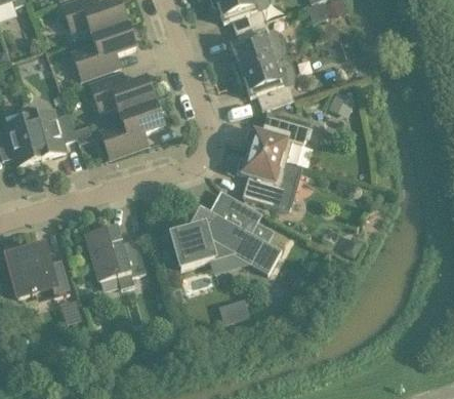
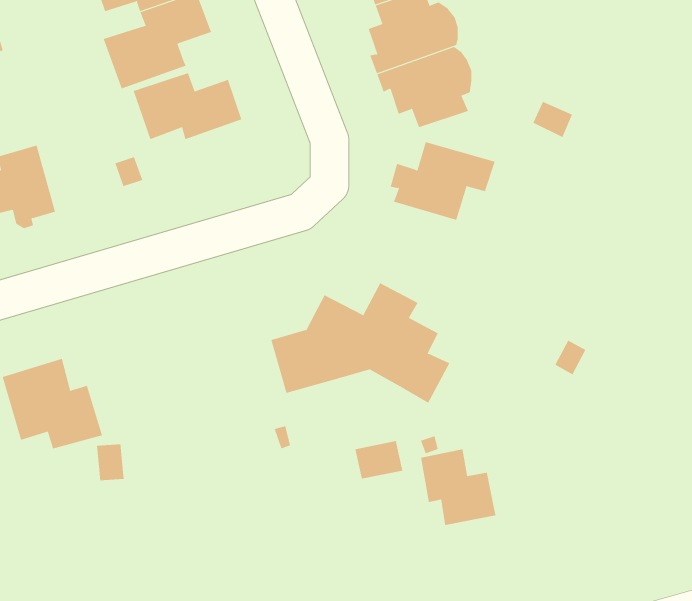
building: [107,101,163,156] -> none
building: [29,109,76,157] -> none
building: [235,151,301,210] -> none
building: [86,225,146,287] -> none
building: none -> [421,449,496,526]

